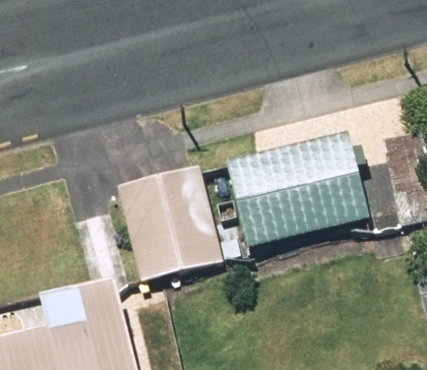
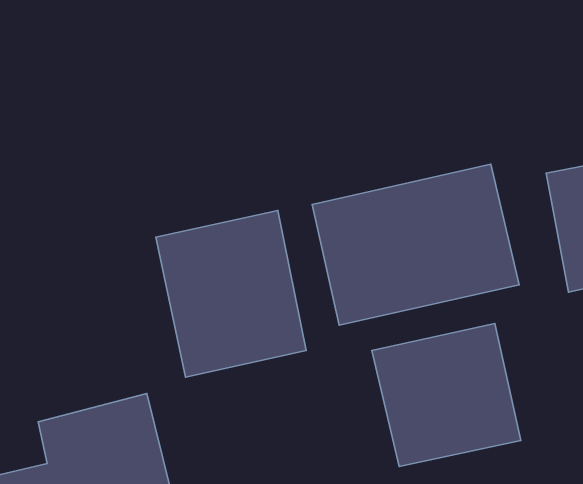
building: none -> [372,324,521,467]

